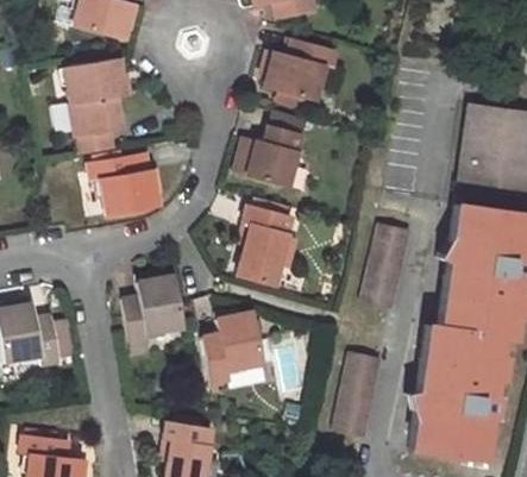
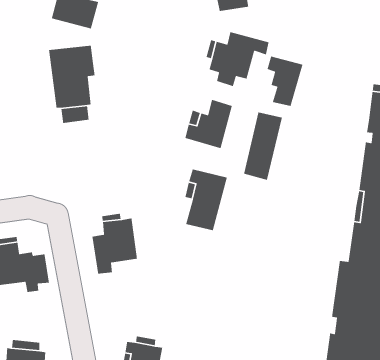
building: none -> [267,55,304,107]
building: [92,158,158,215] -> none
building: [362,221,410,307] -> [243,111,283,181]
building: [202,313,263,381] -> none
building: [334,353,379,435] -> none

